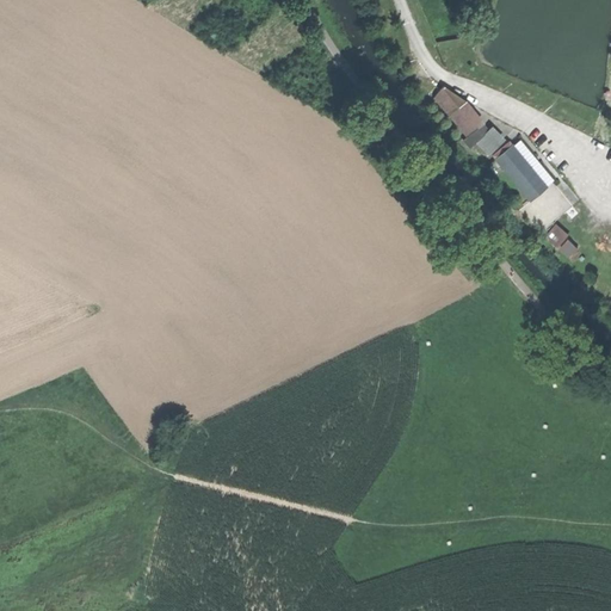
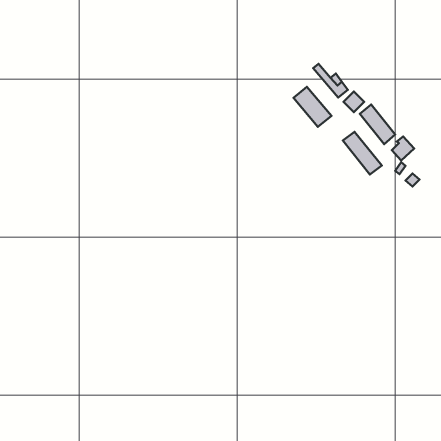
building: none -> [293,87,331,127]
building: none -> [343,132,382,175]

